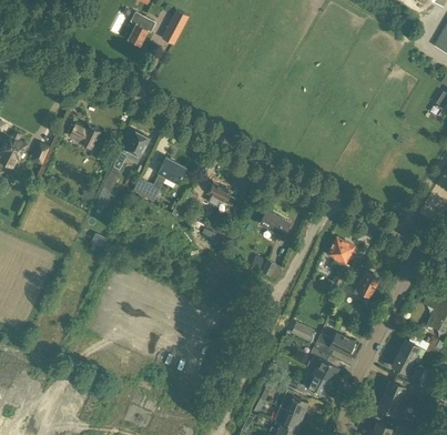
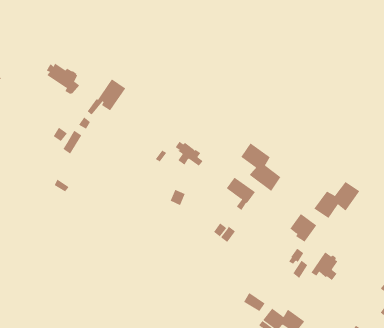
building: [133,158,185,202] -> none
building: none -> [241,142,281,192]
building: none -> [314,181,360,219]

